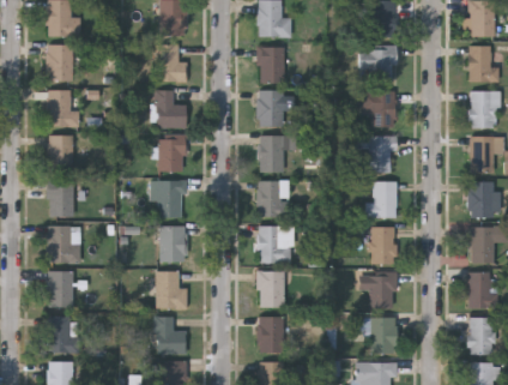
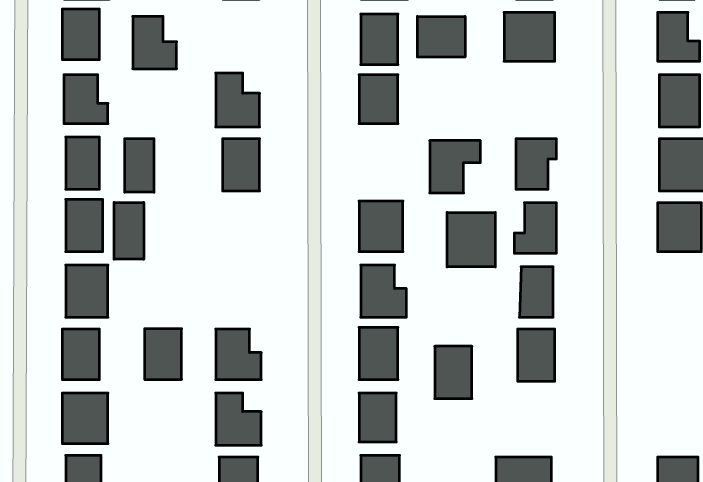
building: [156,43,187,80] -> [133,16,177,69]
building: none -> [417,16,465,57]
building: [361,90,397,126] -> none
building: [259,134,295,172] -> [430,141,480,193]
building: none -> [125,139,154,192]
building: [157,180,187,216] -> none
building: none -> [114,202,144,259]
building: none -> [447,212,495,267]
building: [159,225,186,261] -> [145,329,182,379]
building: [468,225,495,263] -> none
building: [467,272,495,308] -> none
building: [370,317,397,354] -> [435,346,472,399]
building: [468,317,492,354] -> none

